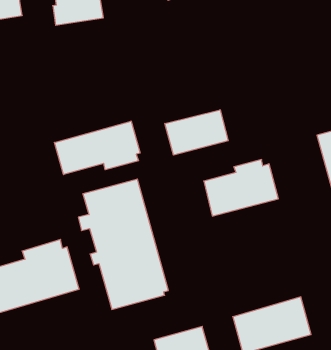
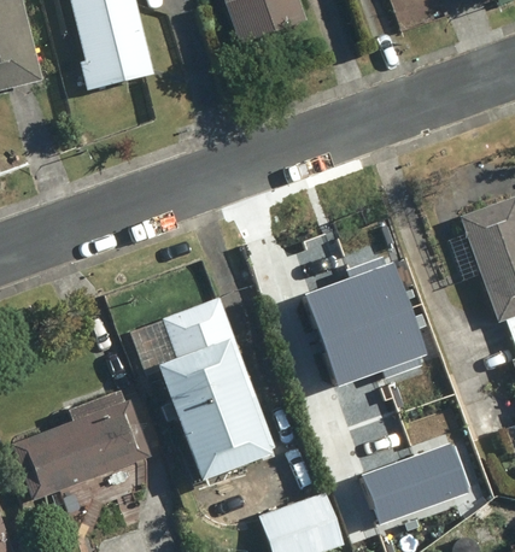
building: [165,110,228,155] -> none
building: [54,121,140,175] -> none
building: none -> [326,307,432,384]

